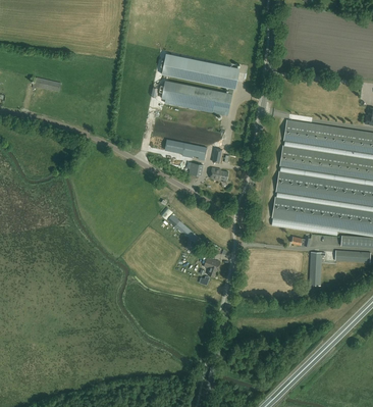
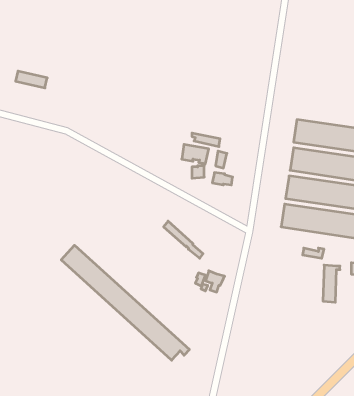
building: [161,53,237,115] -> none
building: none -> [61,245,189,360]

